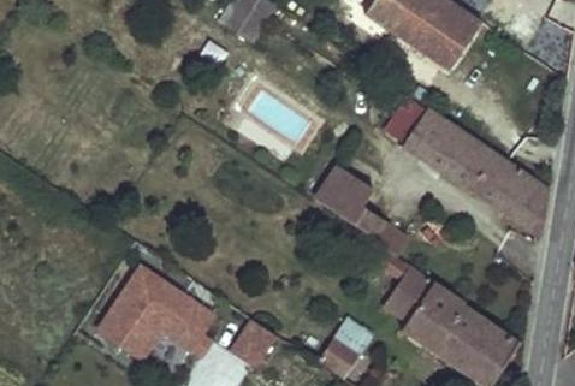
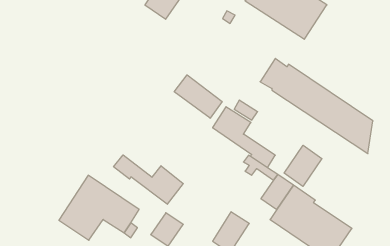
building: none -> [174,75,222,118]
building: none -> [284,145,322,186]
building: none -> [114,155,183,204]

